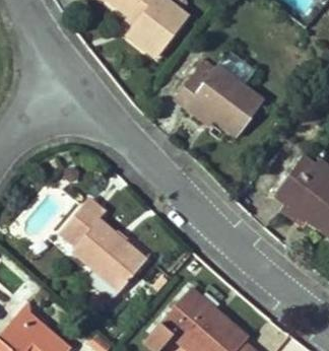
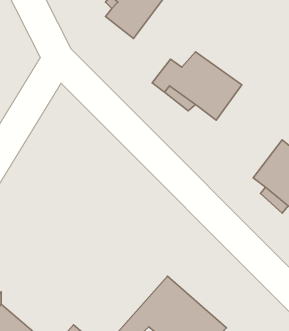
building: [62,199,147,291] -> none

